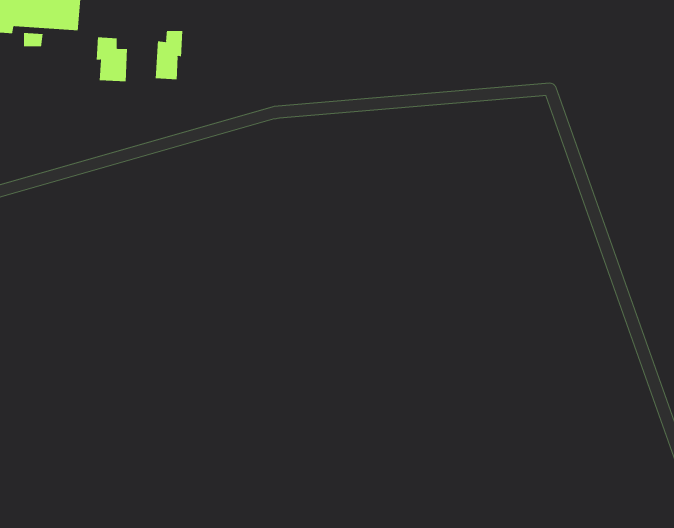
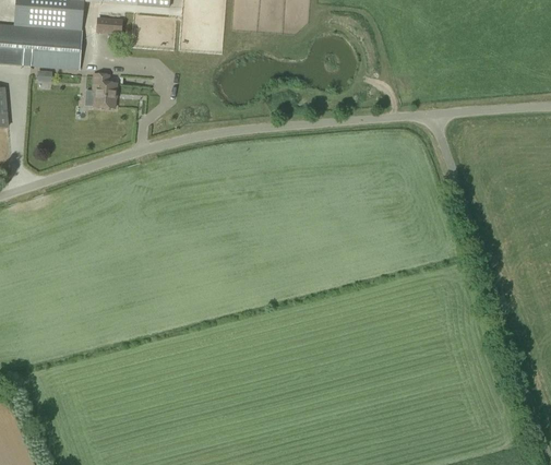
building: [155,30,183,80] -> none

